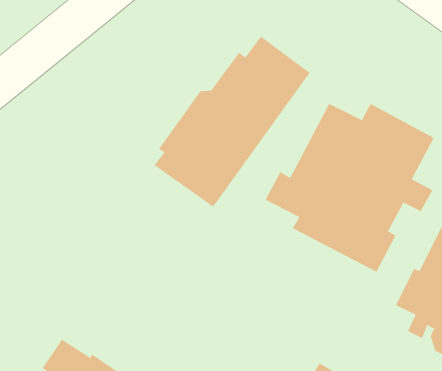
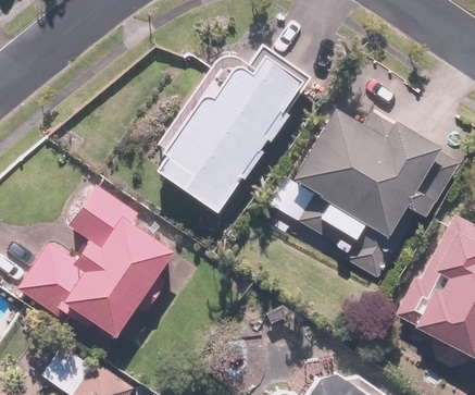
building: none -> [18,186,174,338]

